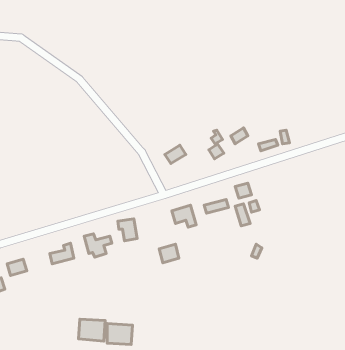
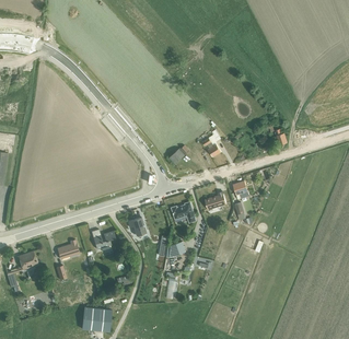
building: [107,324,133,345] -> none

